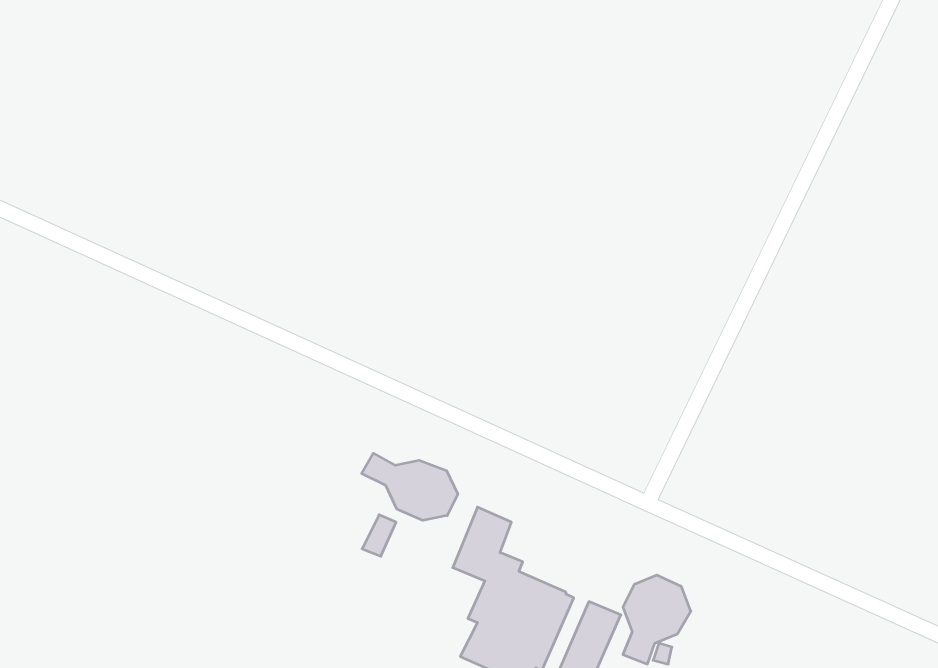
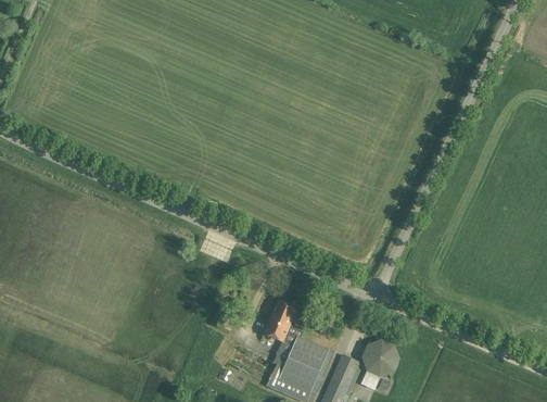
building: [362,453,458,520] -> none

